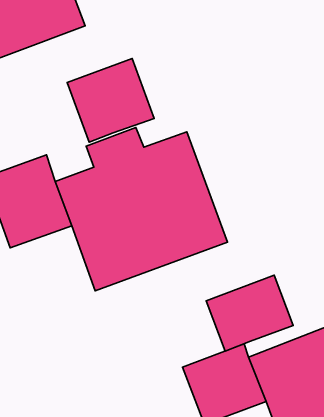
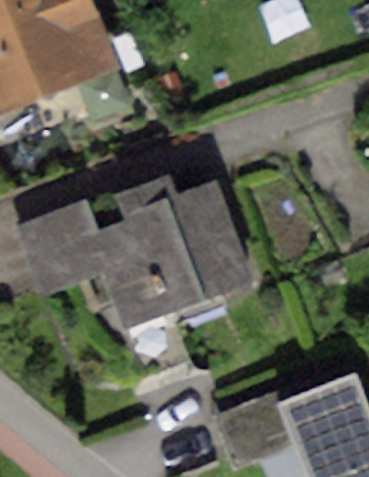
building: [67,59,154,142] -> none
building: [206,275,293,351] -> none

